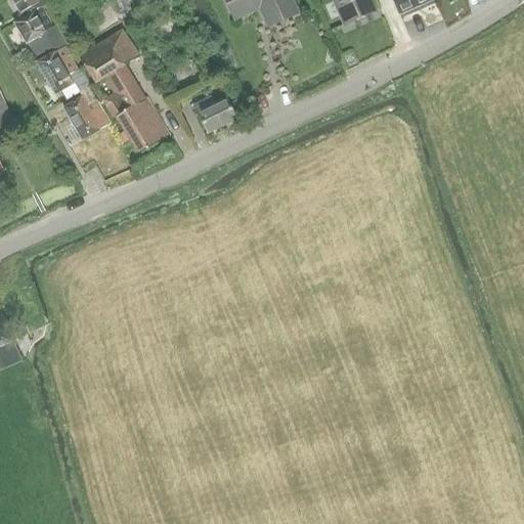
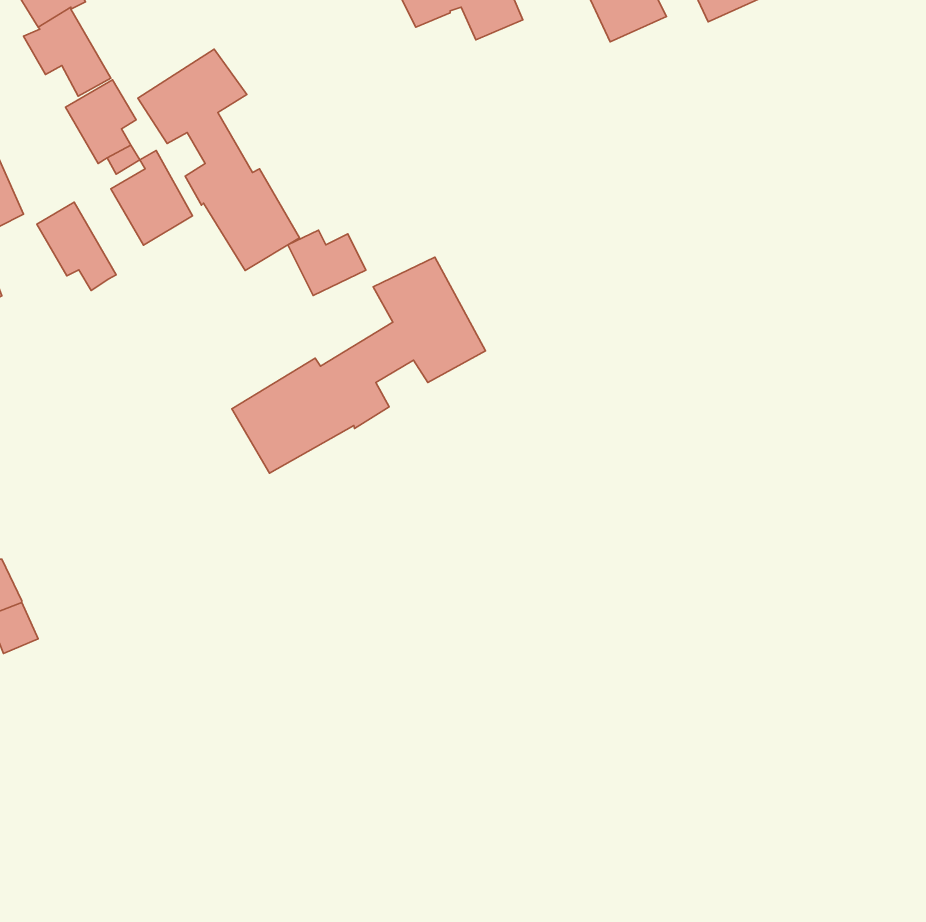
building: [192,94,236,131] -> [288,230,366,296]
building: none -> [37,202,116,290]
building: none -> [232,257,486,473]

